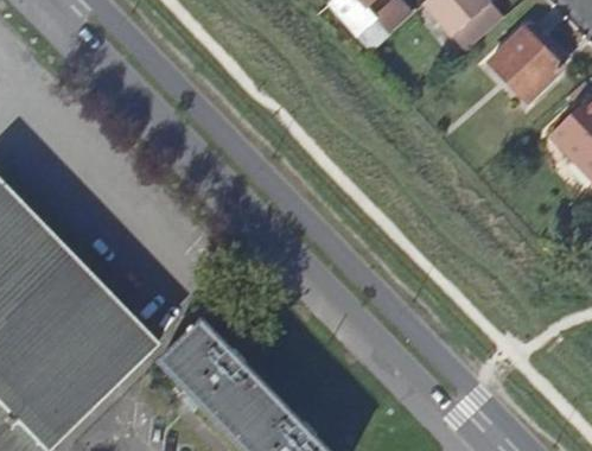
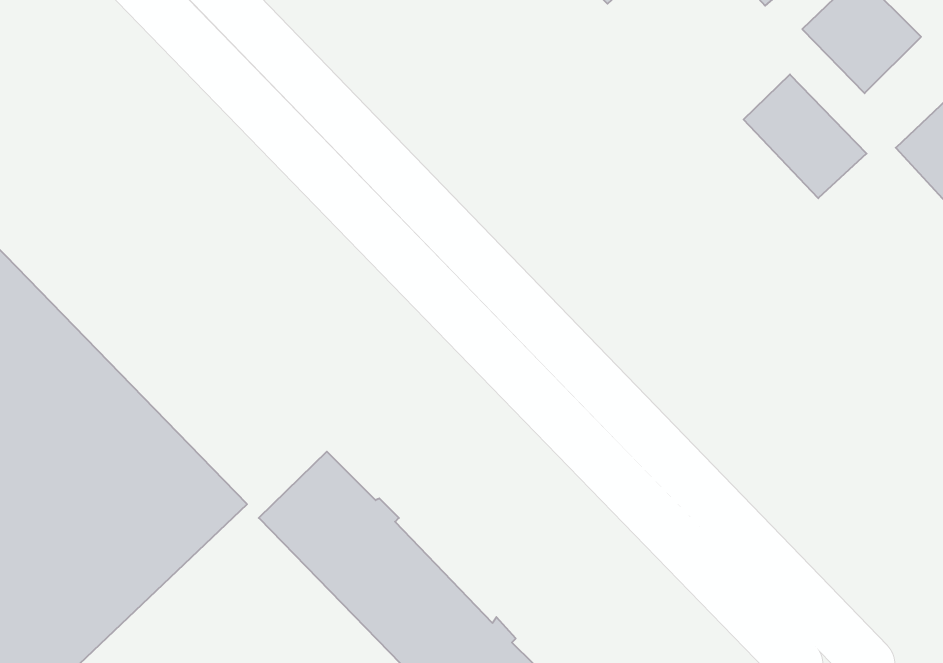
building: none -> [744,74,867,198]

